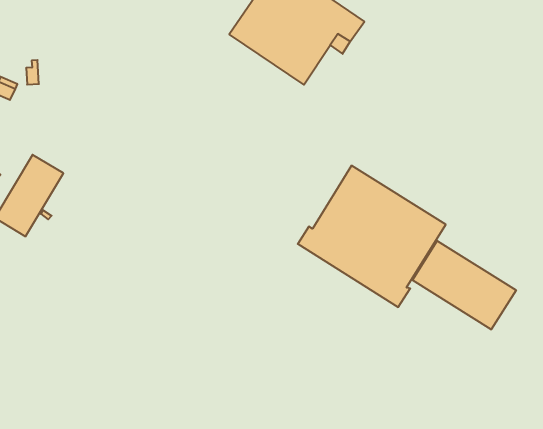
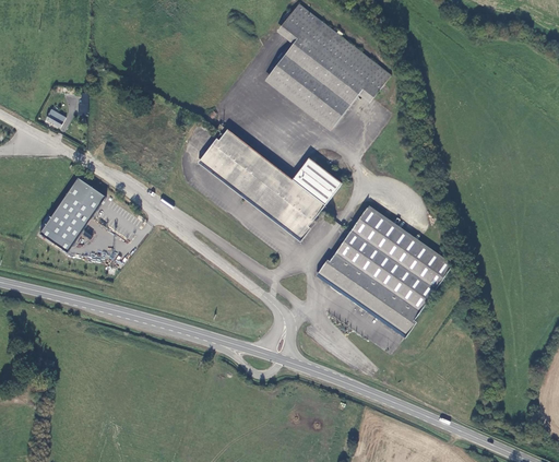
building: none -> [198,129,342,239]
building: [412,241,516,330] -> none

